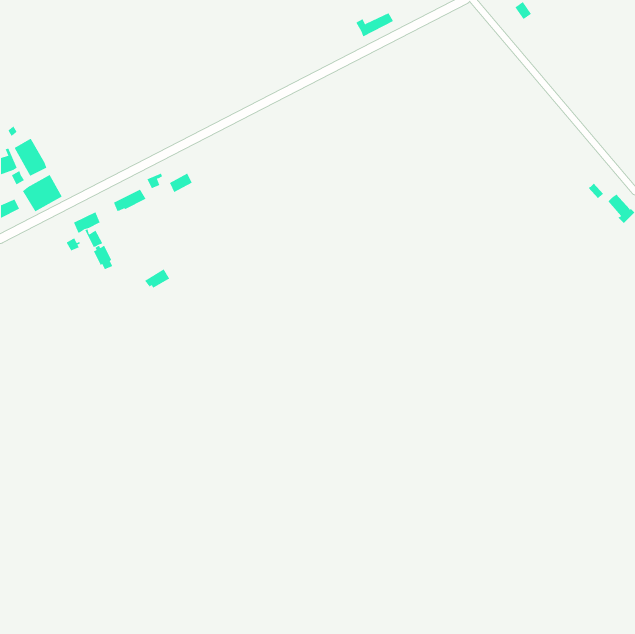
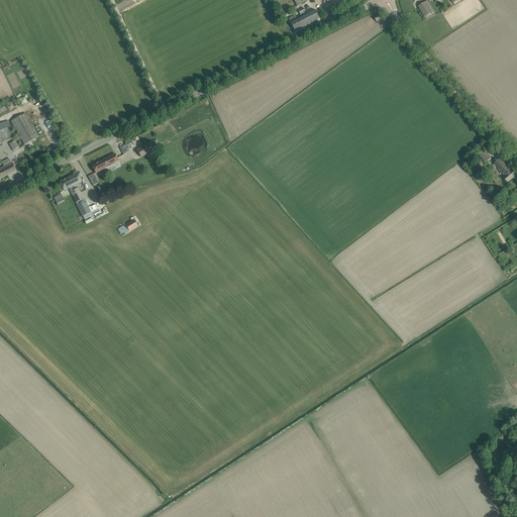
building: [22,174,63,212] -> none

